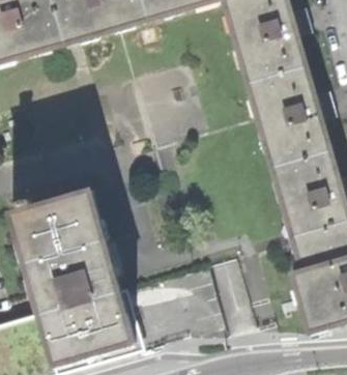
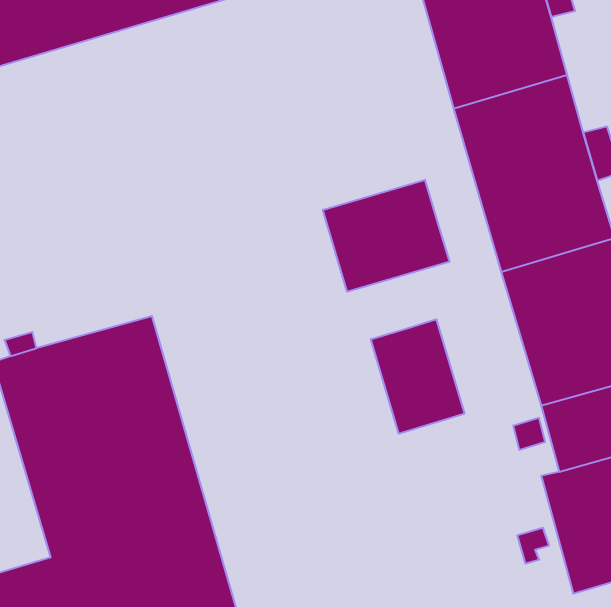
building: none -> [323,180,449,292]
building: none -> [371,319,464,434]

